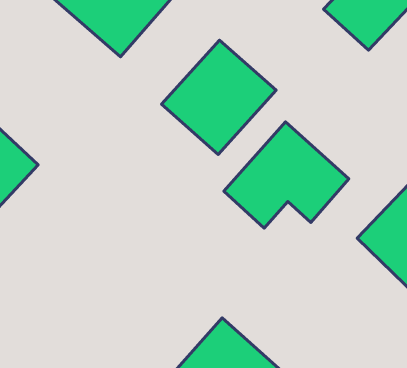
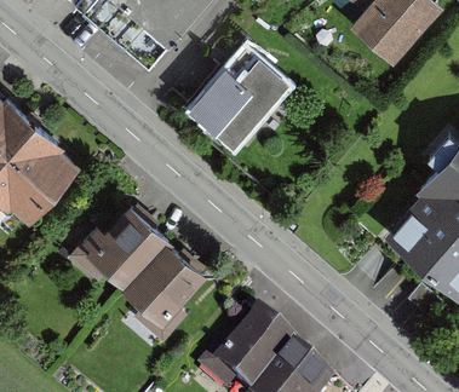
building: [224,122,349,228] -> none
building: none -> [78,206,211,335]

